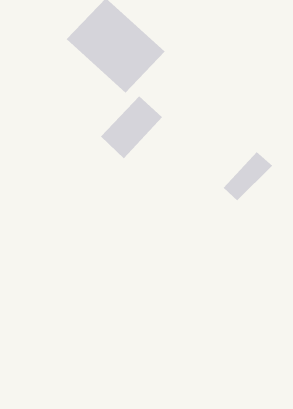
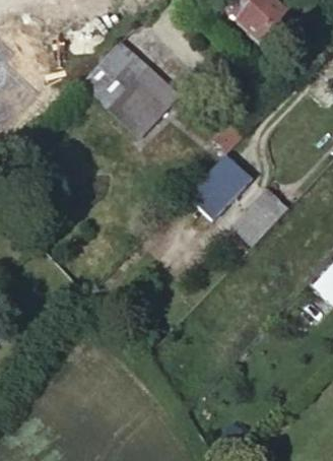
building: [100,96,163,159] -> [191,156,253,219]

